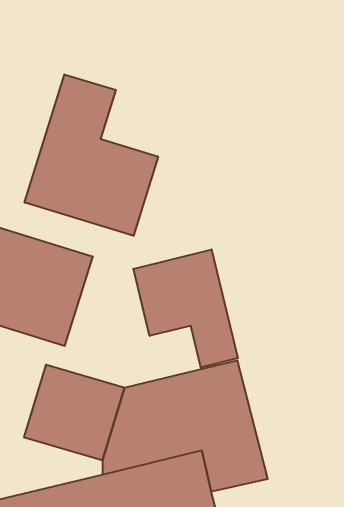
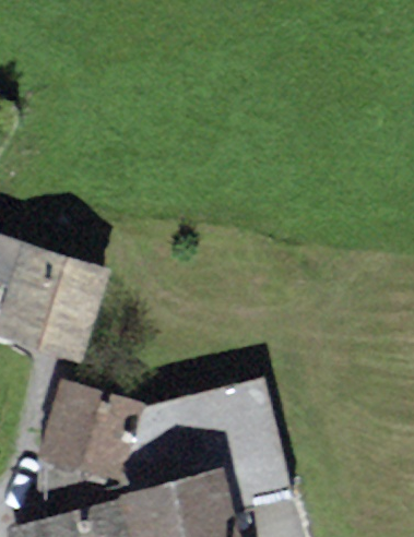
building: [25,74,158,236] -> none
building: [133,249,238,368] -> none

